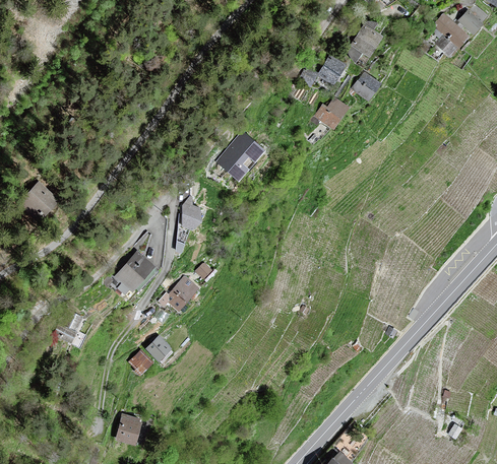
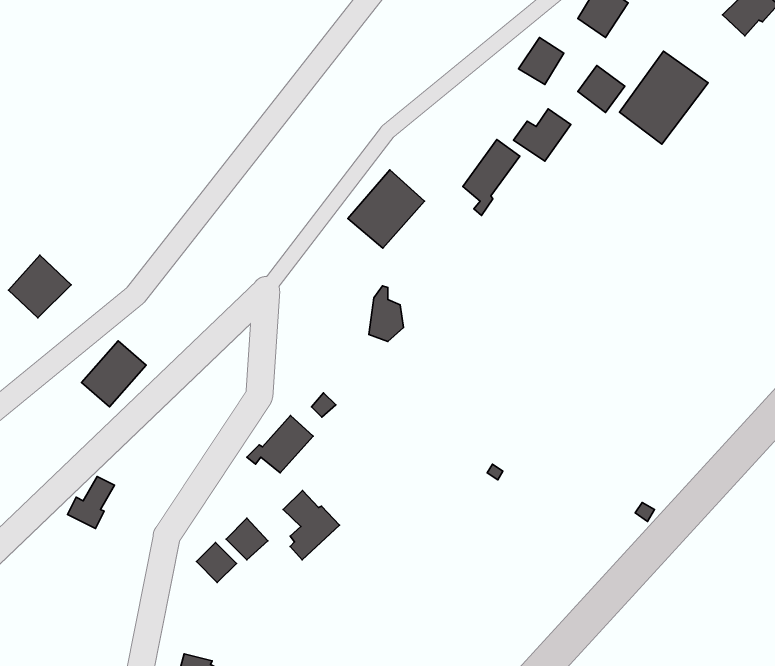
building: none -> [619,51,708,144]
building: none -> [463,140,520,216]
building: [181,197,201,229] -> [369,286,404,341]
building: [117,252,154,290] -> [82,341,146,407]
building: none -> [283,490,340,560]

